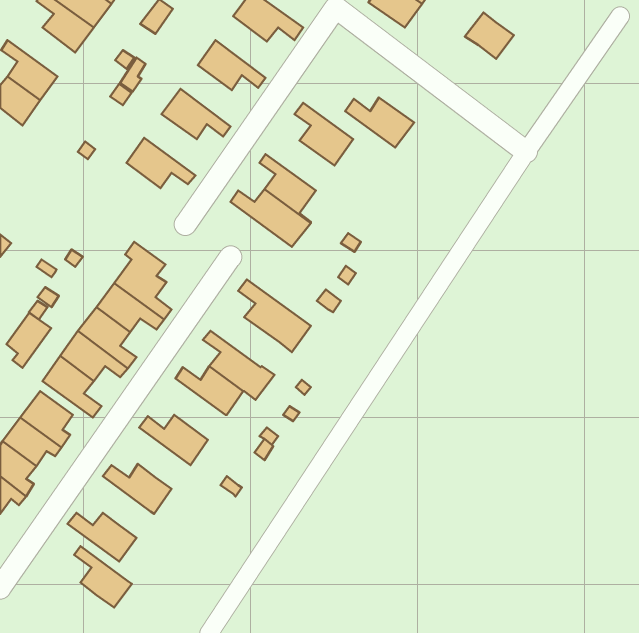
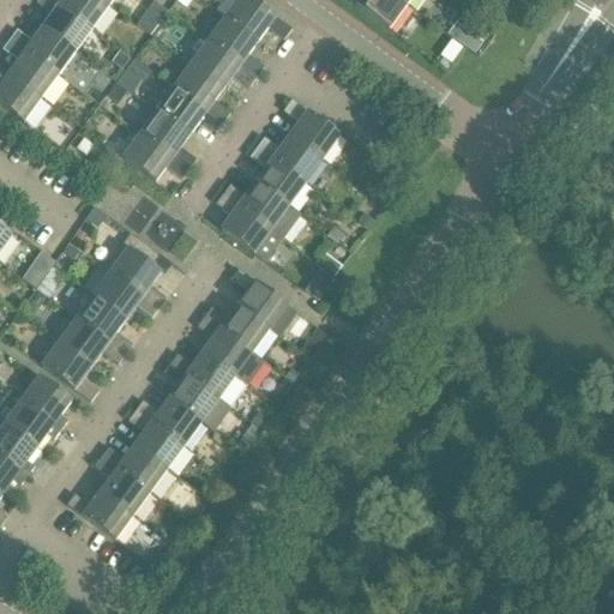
building: none -> [207,16,264,74]
building: none -> [8,26,73,73]
building: none -> [174,62,229,121]
building: [345,97,414,148] -> [255,134,321,182]
building: none -> [139,109,195,168]
building: none -> [215,193,281,260]
building: [6,313,51,368] -> none
building: none -> [203,303,269,351]
building: none -> [162,362,229,428]
building: none -> [128,409,183,468]
building: [74,546,132,608] -> [94,456,149,514]

